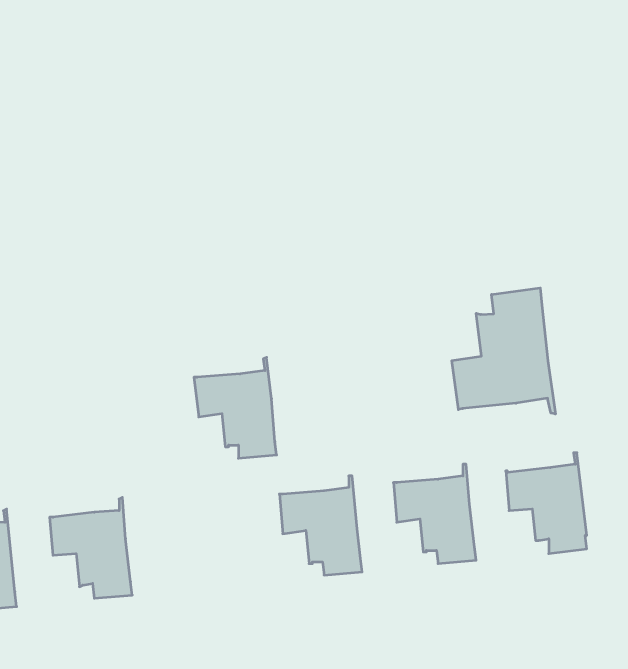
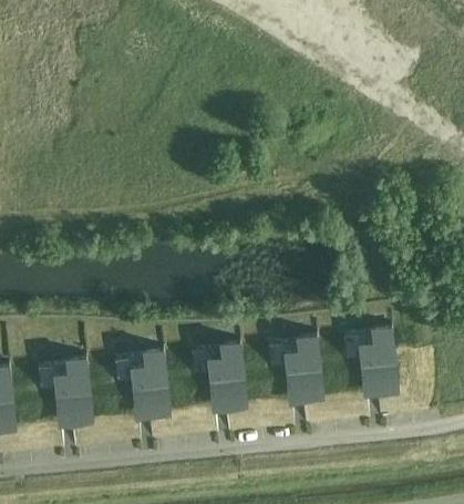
building: [452,288,555,414] -> none
building: [194,357,277,458] -> [114,344,169,412]

